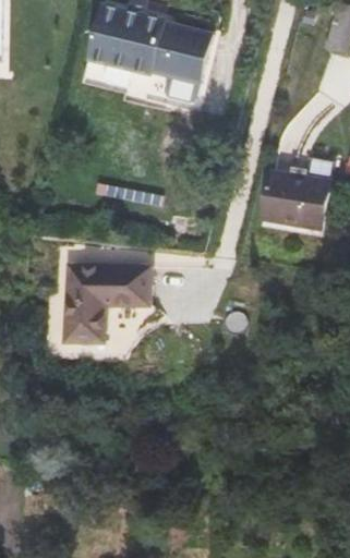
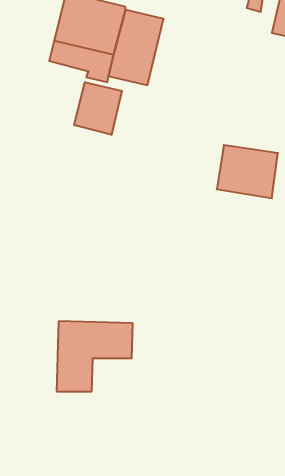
building: none -> [74,82,122,135]
building: [68,263,150,339] -> [57,321,133,391]

